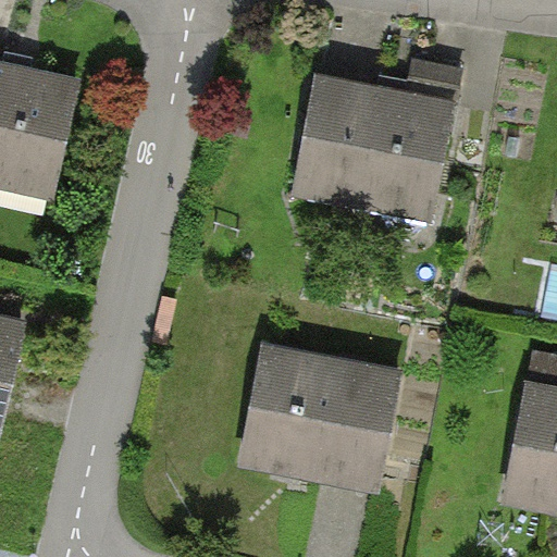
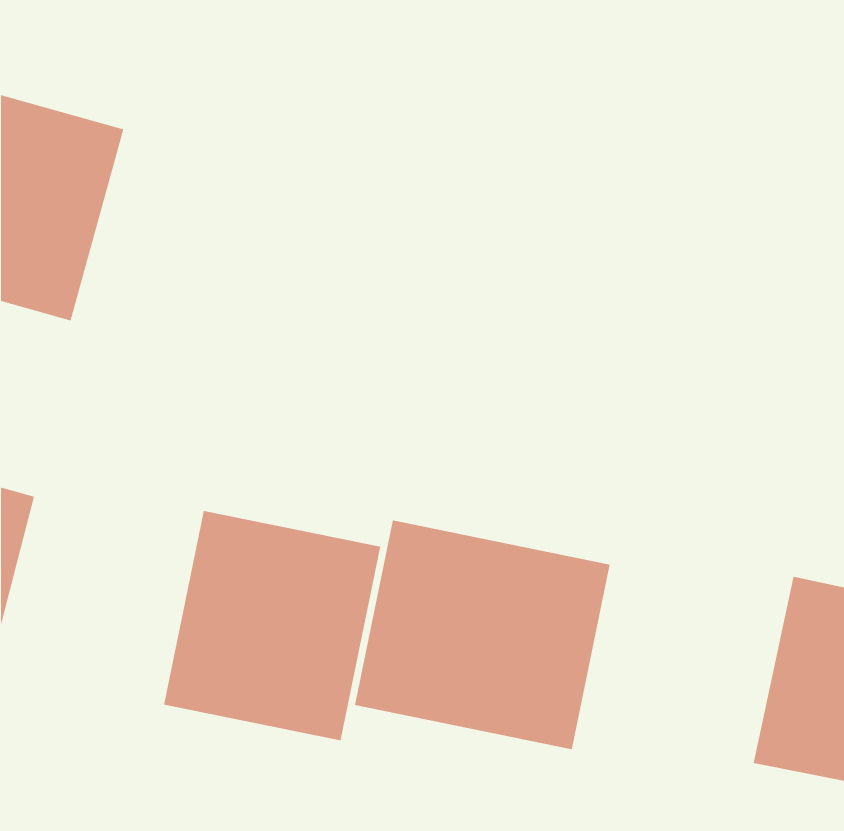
building: [287,69,459,231] -> none
building: none -> [164,510,381,741]

